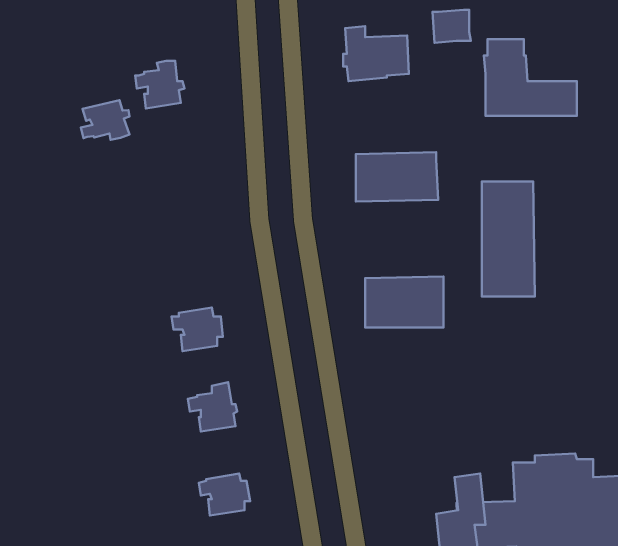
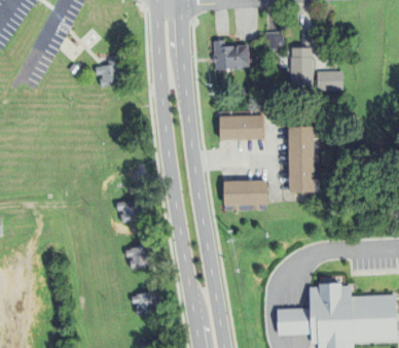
building: [81,100,130,140] -> none

